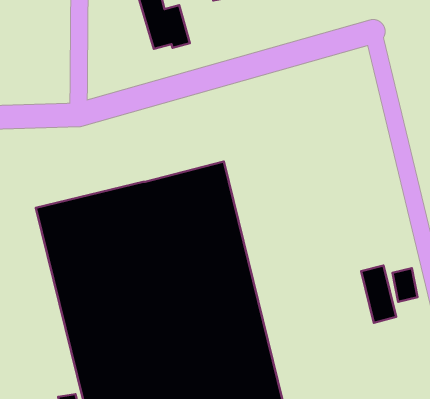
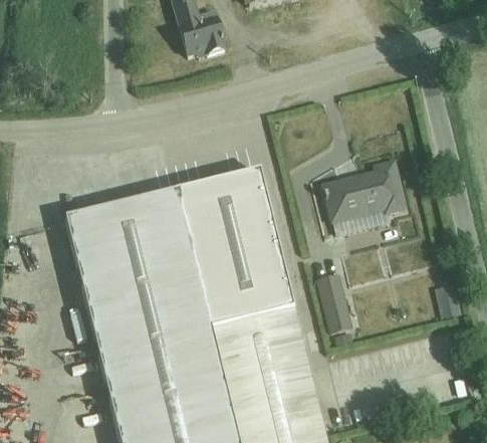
building: none -> [323,160,405,233]
building: [361,266,396,323] -> [316,270,352,329]

